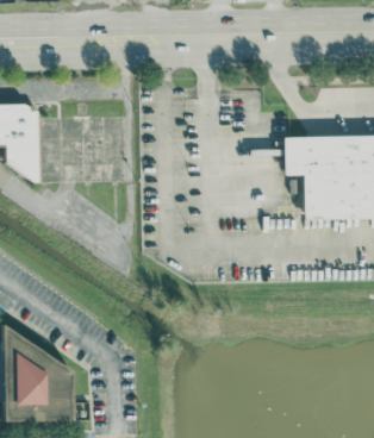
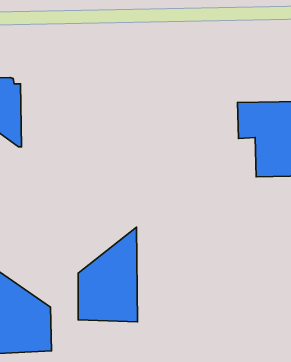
building: none -> [78,227,137,322]

